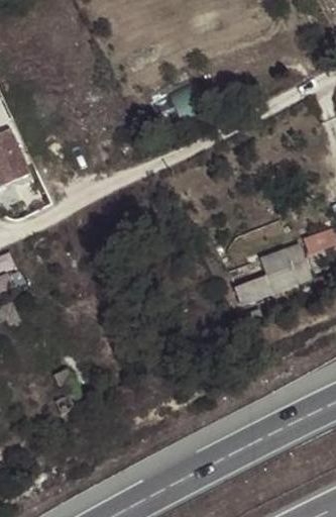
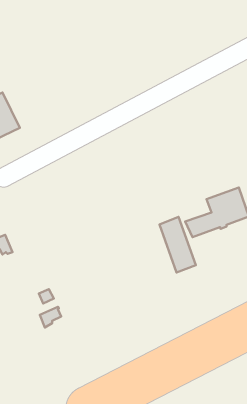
building: none -> [159,217,196,273]

